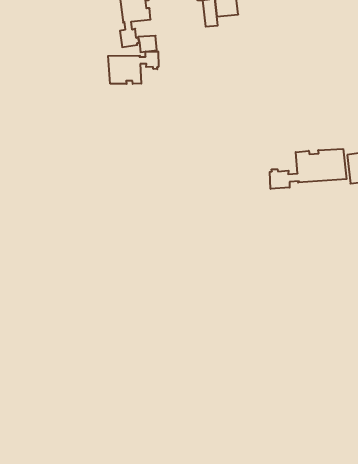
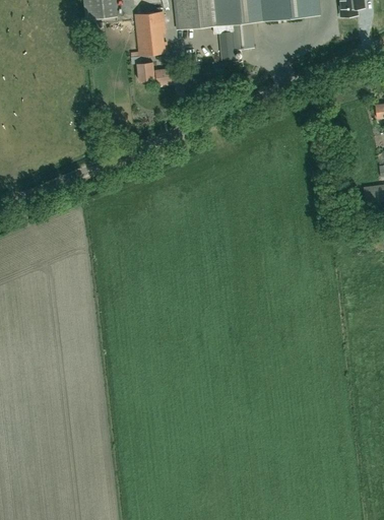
building: [108,51,158,84] -> none
building: [270,149,347,189] -> none

